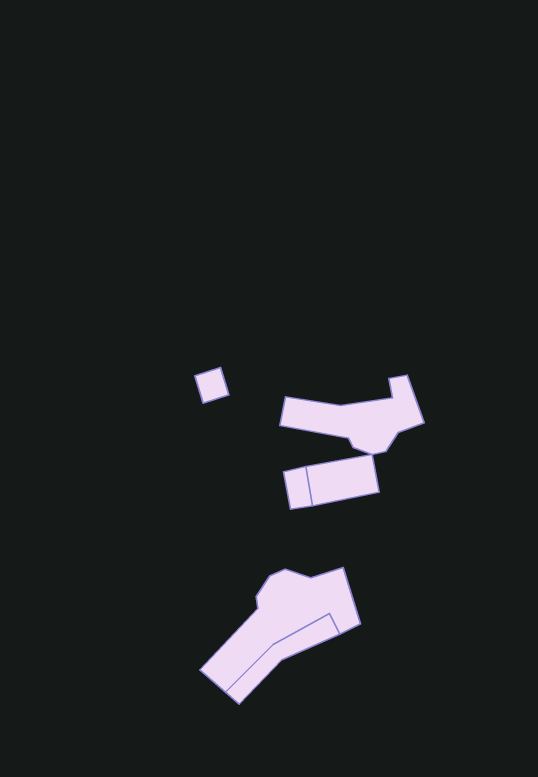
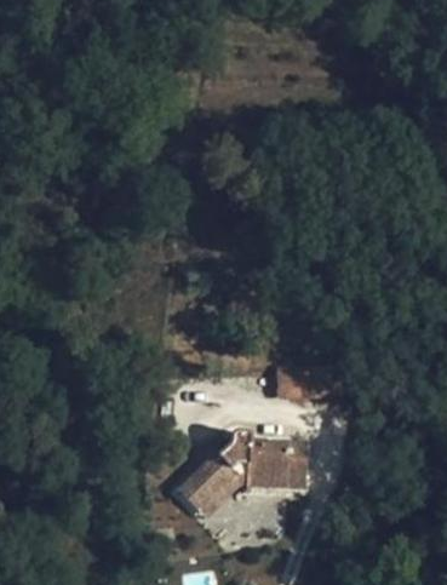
building: [280,375,424,455] -> none

